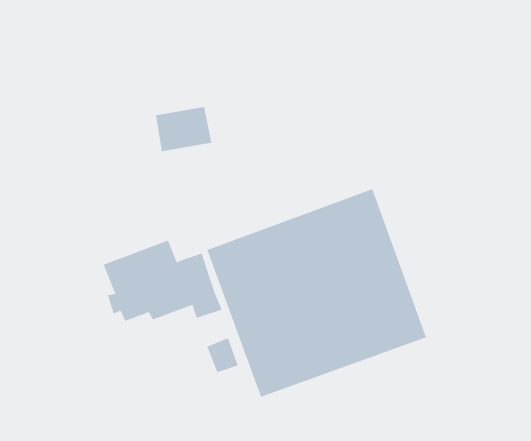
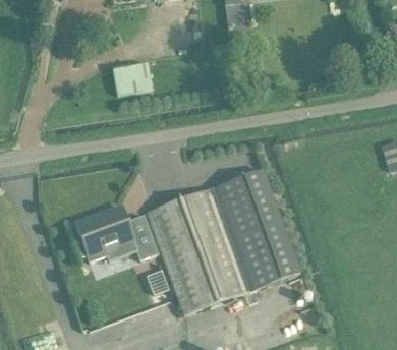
building: [155,106,212,152] -> [112,61,152,93]

